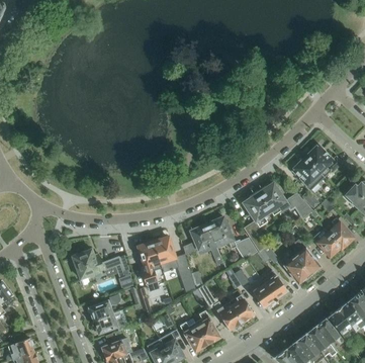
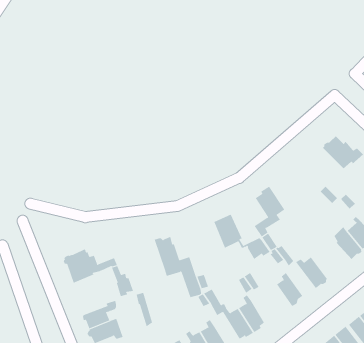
building: [292,157,324,188] -> none
building: [257,183,312,218] -> none
building: [190,223,216,253] -> none
building: [294,239,321,275] -> none
building: [139,240,162,282] -> none
building: [249,277,277,306] -> none

